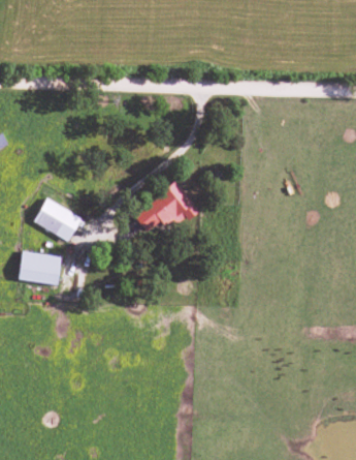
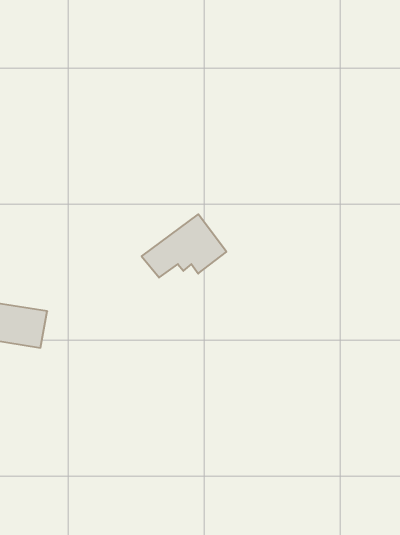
building: [34,198,82,242] -> none

